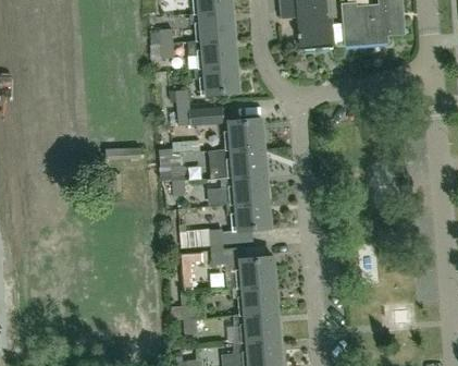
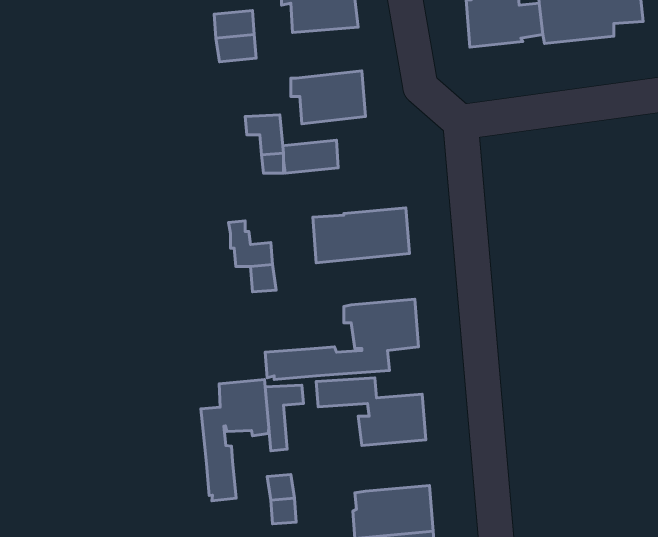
building: [188,37,238,68] -> none
building: [225,117,264,148] -> none
building: [211,172,270,203] -> none
building: none -> [201,379,269,501]
building: [234,283,278,314] -> none

